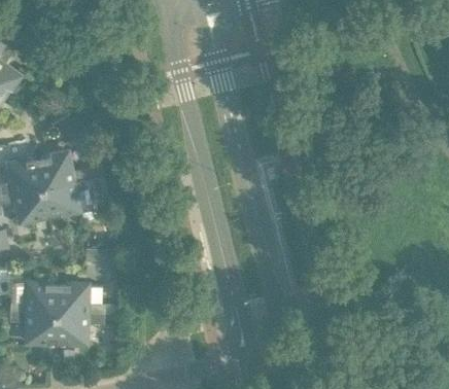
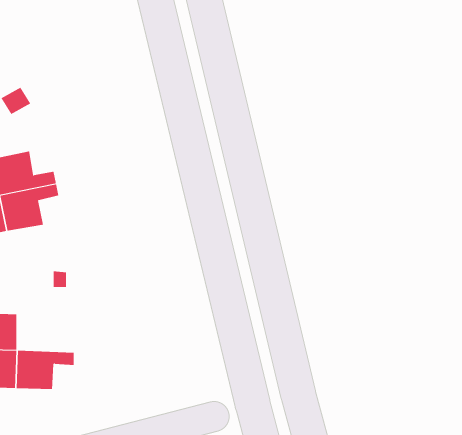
building: [58,285,104,316] -> none

